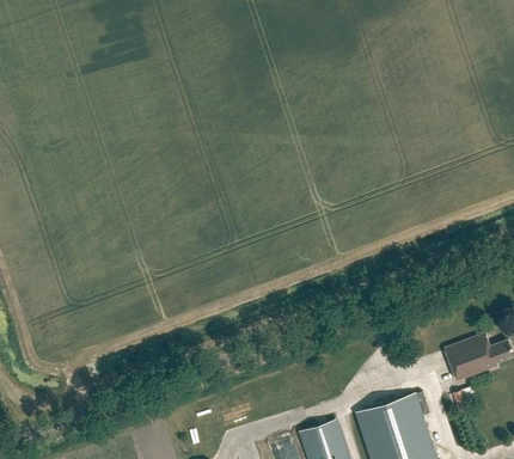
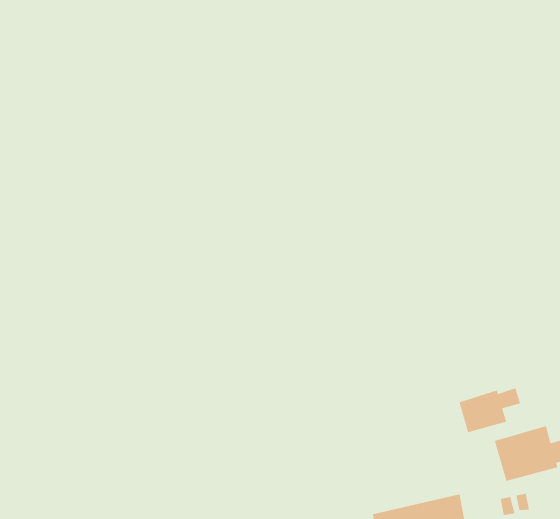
building: none -> [458,387,521,433]

